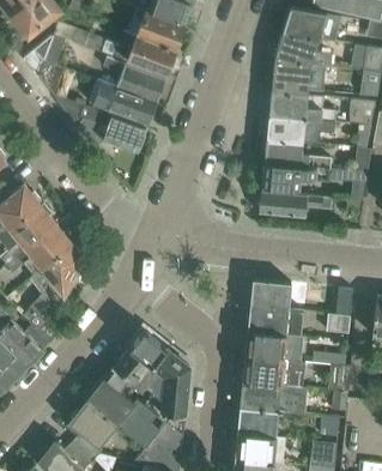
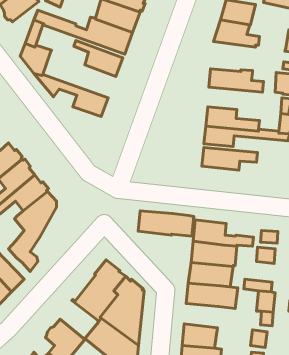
building: [272,60,327,97] -> none
building: [90,80,156,126] -> none
building: [268,116,335,144] -> none
building: [87,379,134,425] -> none
building: [239,382,308,413] -> [138,211,194,236]

